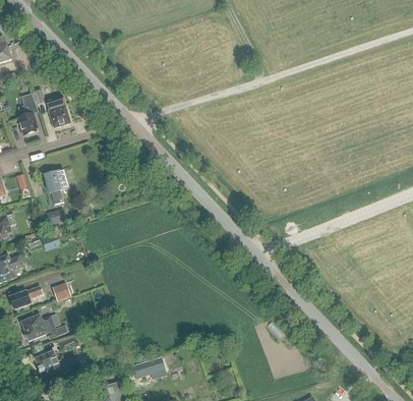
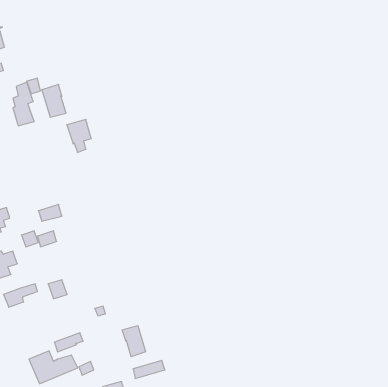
building: [44,170,67,202] -> [67,119,91,152]
building: [20,314,67,340] -> none
building: none -> [122,326,145,357]

